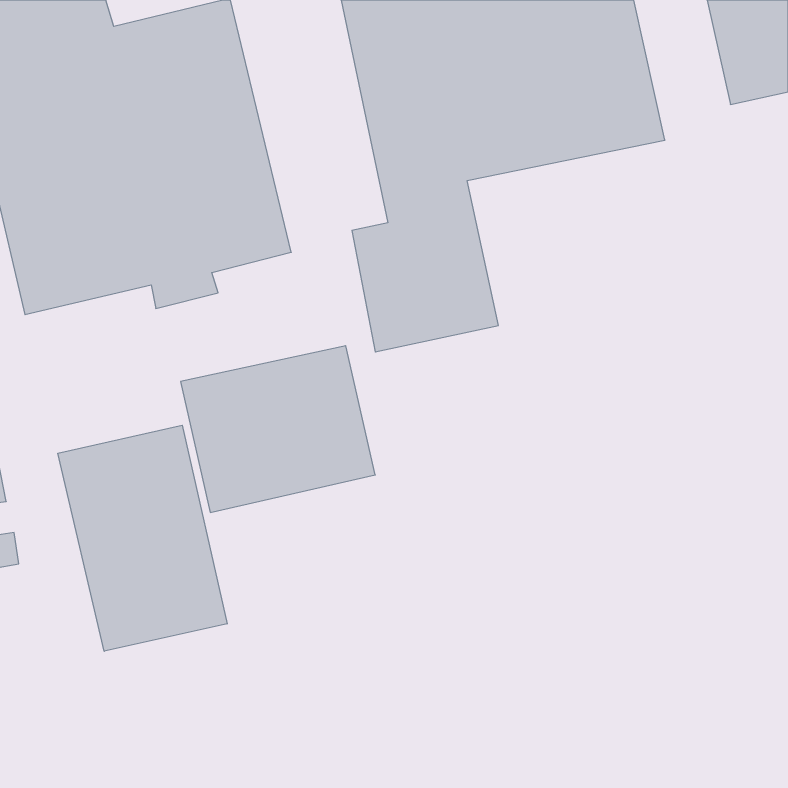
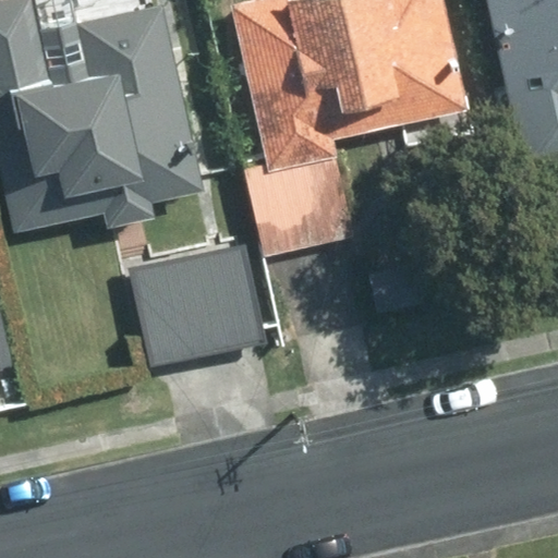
building: [58,425,227,651] -> none

